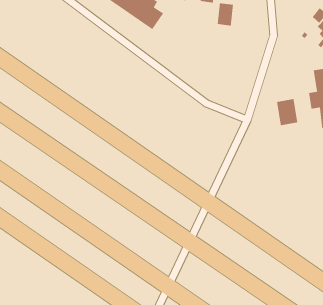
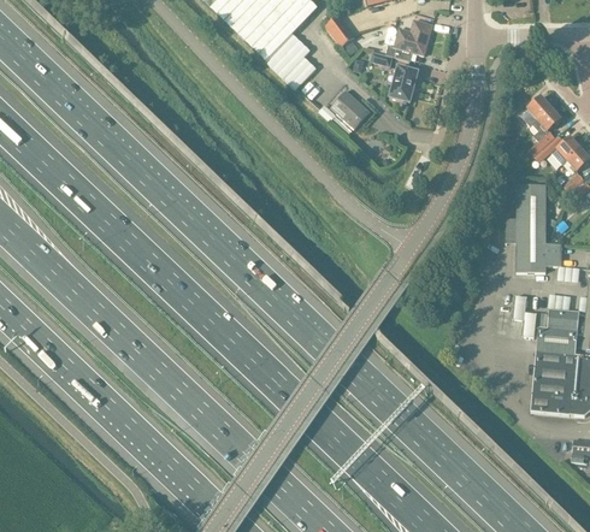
building: none -> [331,89,367,125]
building: [276,98,298,126] -> none

